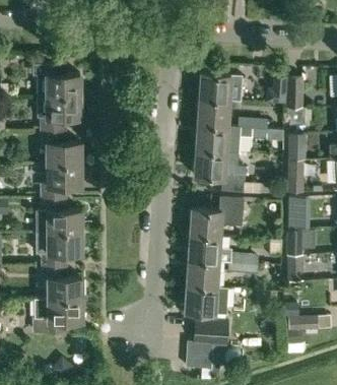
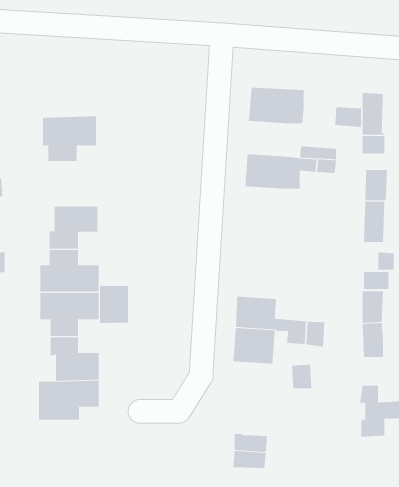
building: [33,66,81,97] -> none
building: [197,100,229,127] -> none
building: [42,131,81,166] -> none
building: [193,150,246,193] -> none
building: [189,197,244,238] -> none
building: none -> [100,285,129,324]
building: [184,286,228,316] -> none
building: [194,320,227,344] -> none

